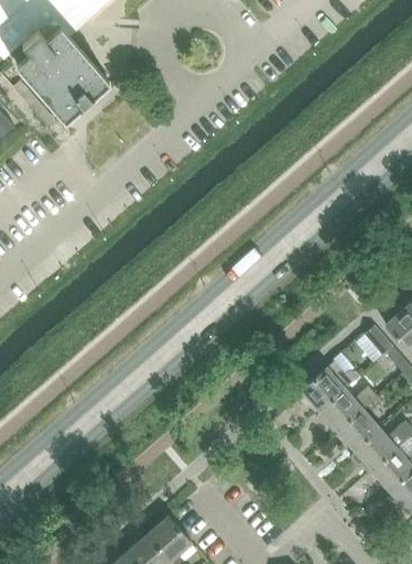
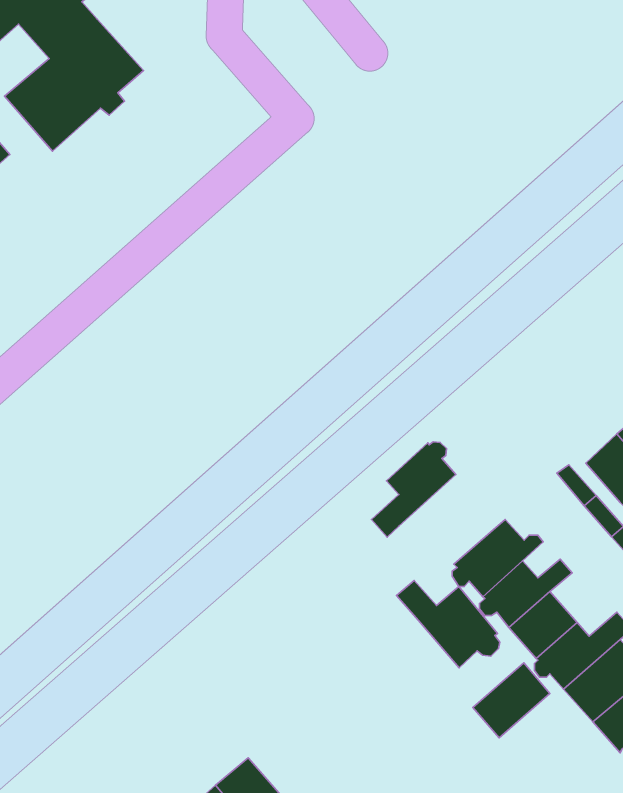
building: none -> [371,442,456,537]
building: none -> [397,580,500,668]
building: none -> [473,663,550,738]

